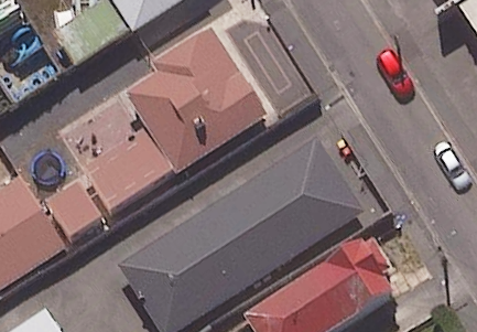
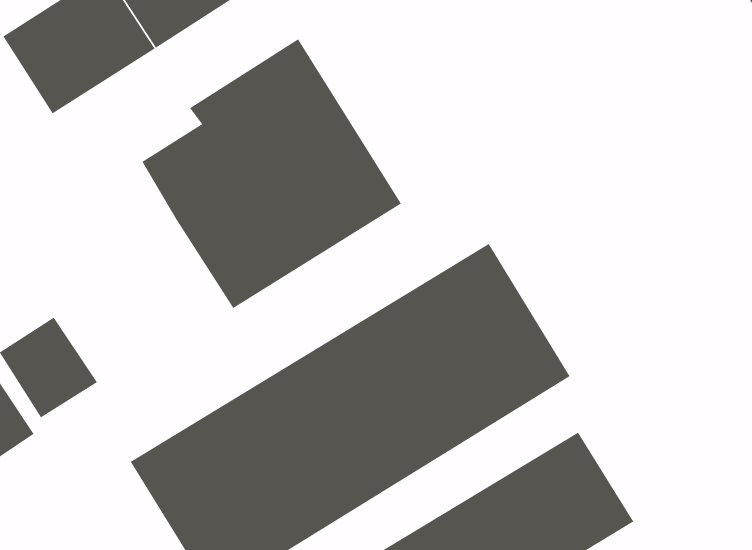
building: [79,127,170,208] -> none

